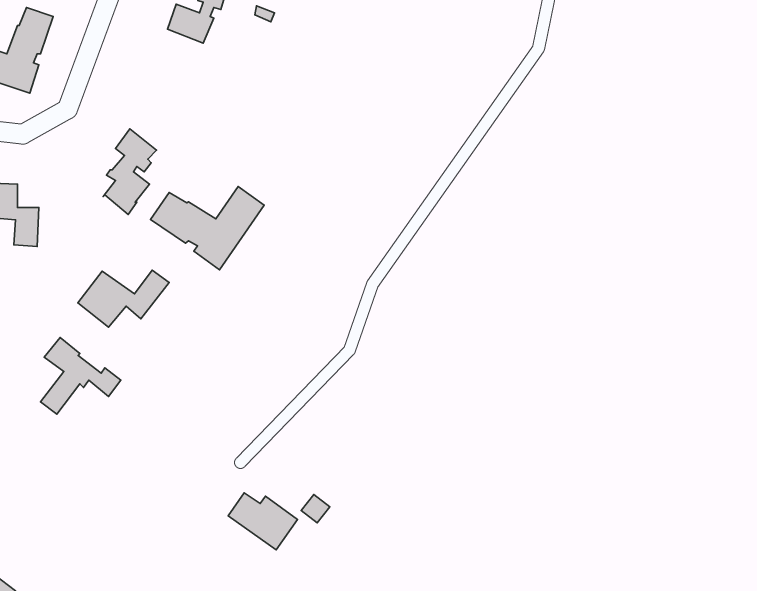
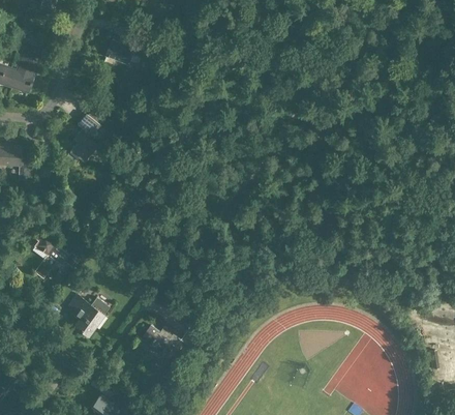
building: [151,187,264,270] -> none
building: [78,270,169,327] -> none
building: none -> [66,295,109,335]

